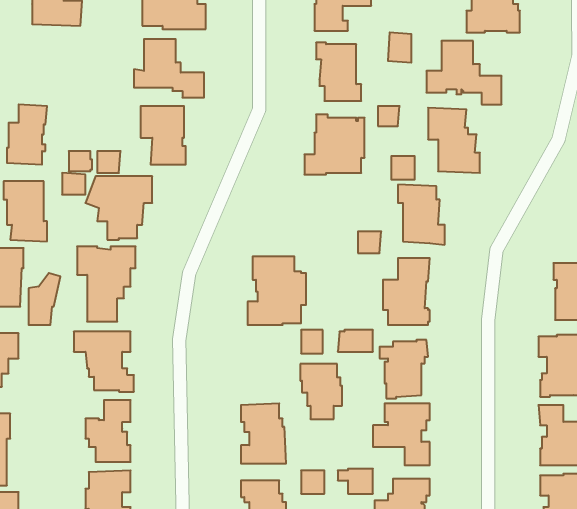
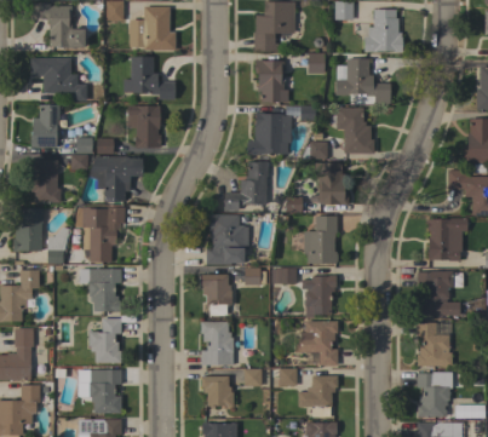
building: none -> [31,57,87,100]
building: none -> [224,161,269,211]
building: [300,364,342,419] -> [202,275,232,315]

